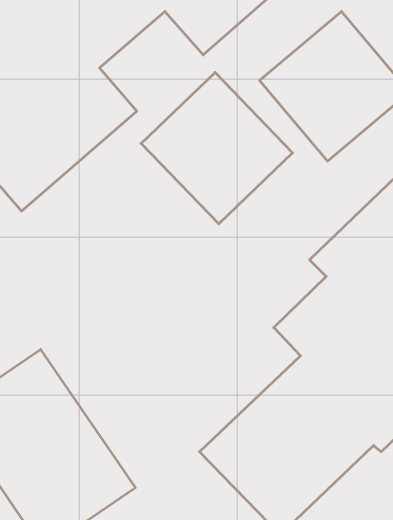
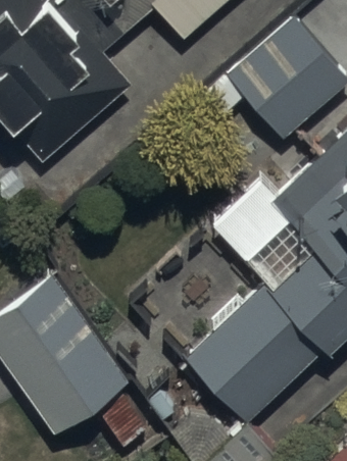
building: [141,72,293,224] -> none

